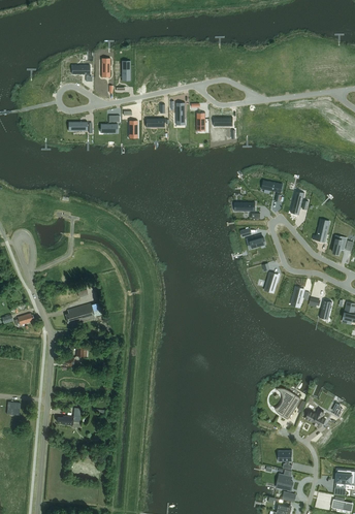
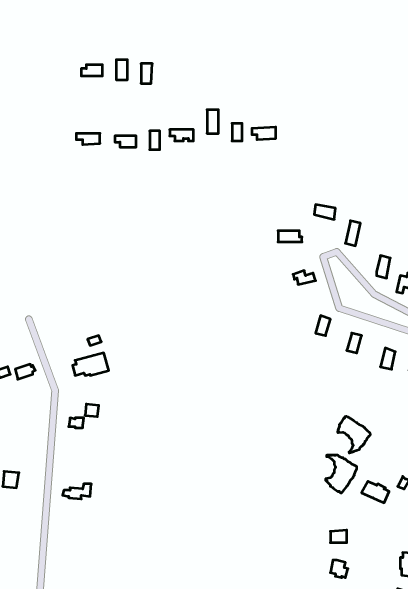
building: none -> [338,416,370,453]

